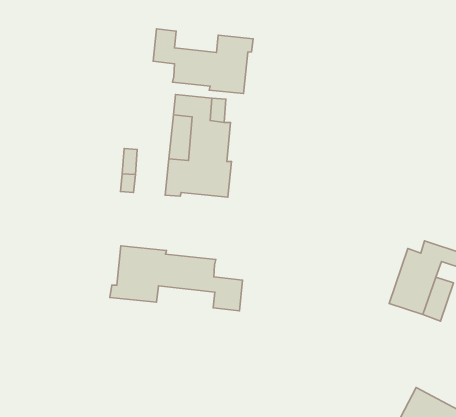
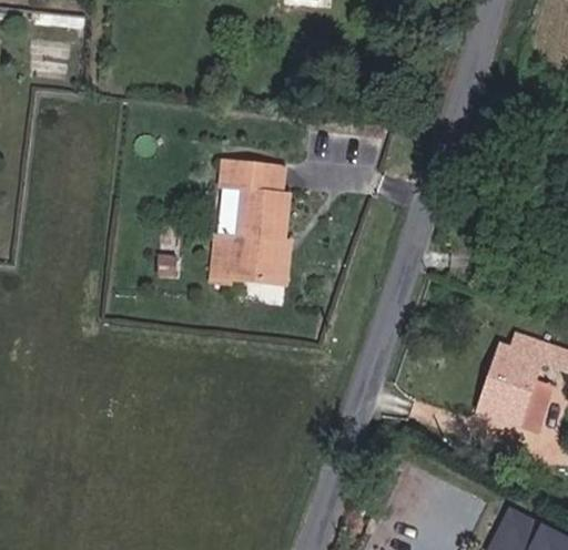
building: [153,29,253,94] -> none
building: [110,246,243,311] -> none

